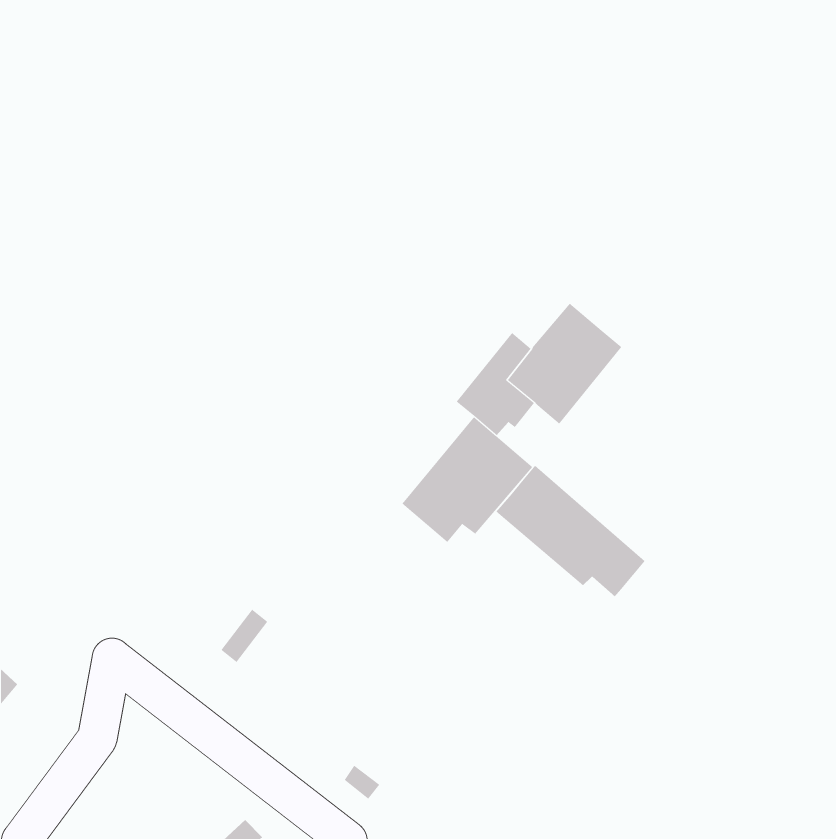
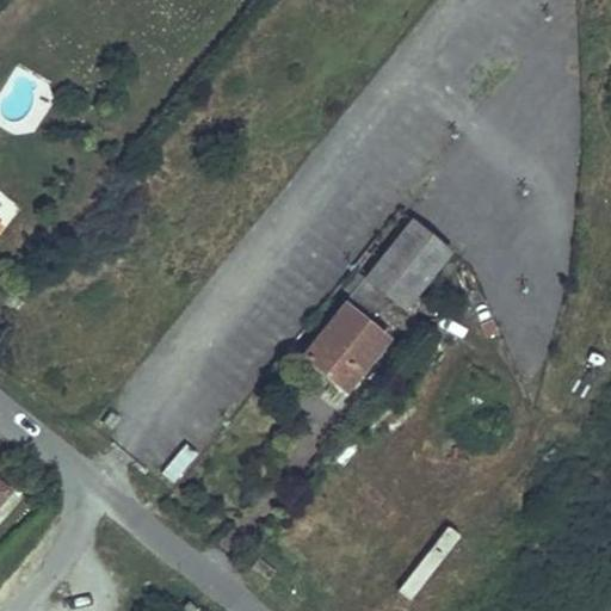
building: [496,465,646,597] -> none

